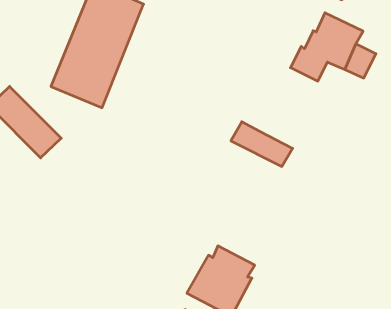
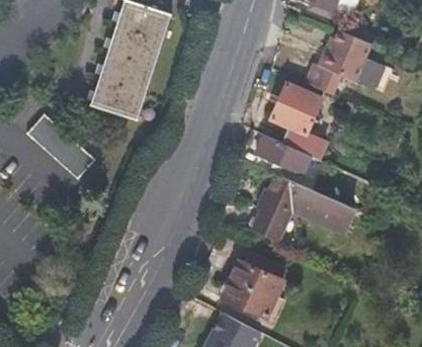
building: none -> [272,84,327,161]
building: none -> [254,174,356,239]

